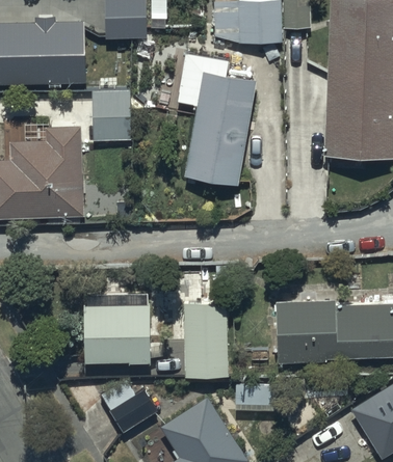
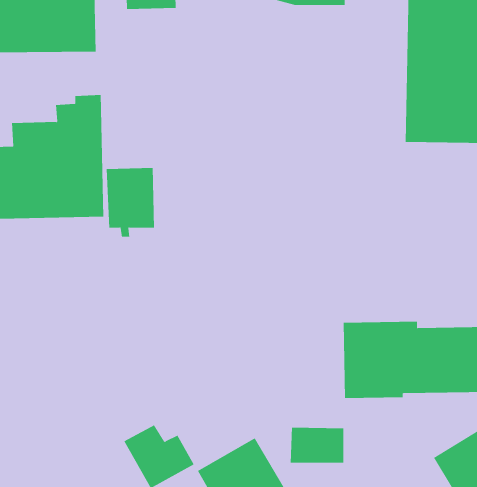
building: [177,53,256,183] -> none
building: [90,93,130,150] -> [106,167,155,237]
building: [87,295,150,363] -> none
building: [184,301,229,377] -> none

